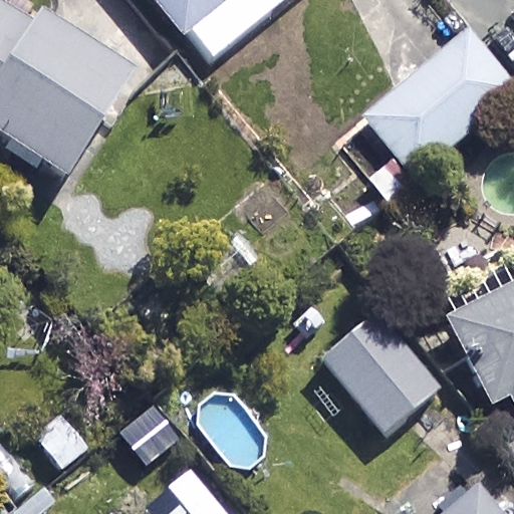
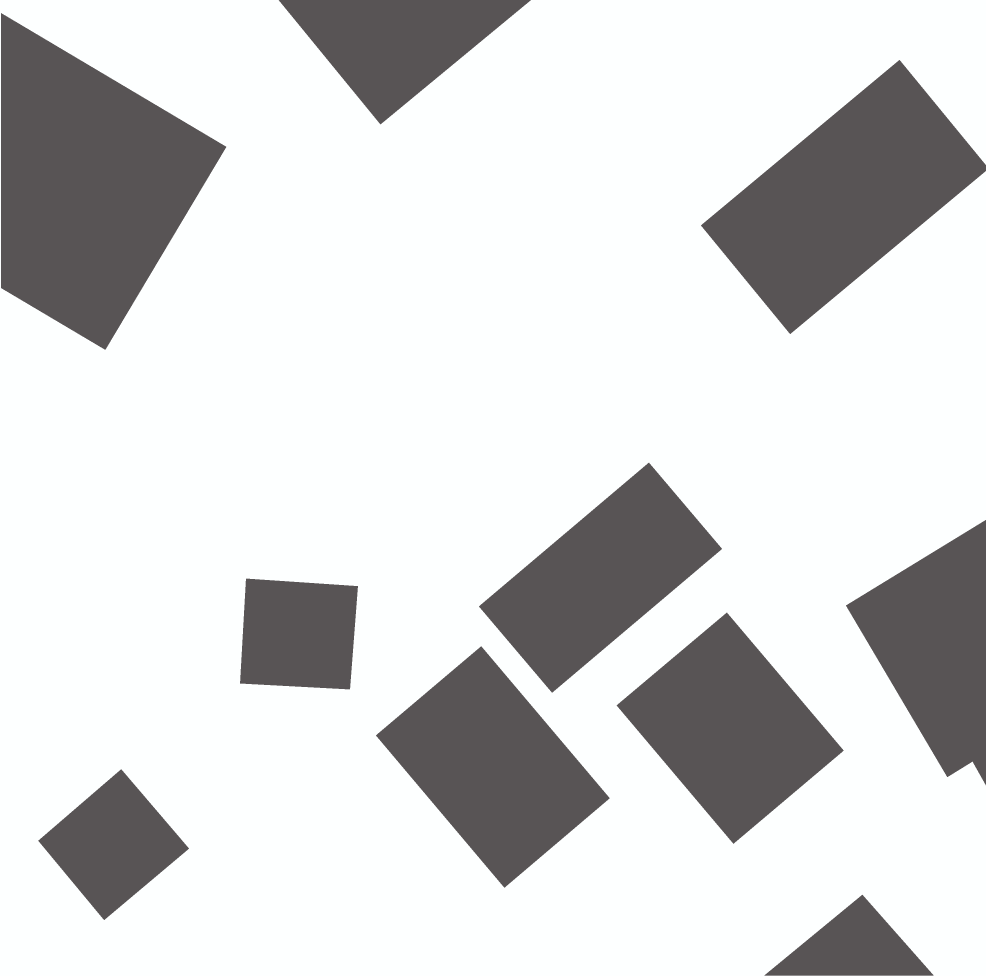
building: none -> [478,462,723,694]
building: none -> [375,645,611,889]

